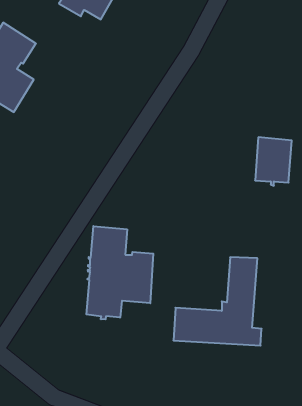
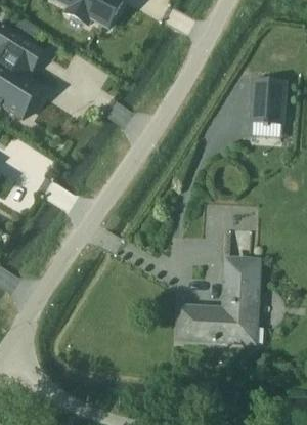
building: [255,137,292,186] -> [248,77,283,124]
building: [86,226,153,319] -> none

